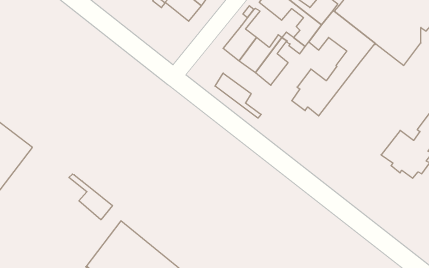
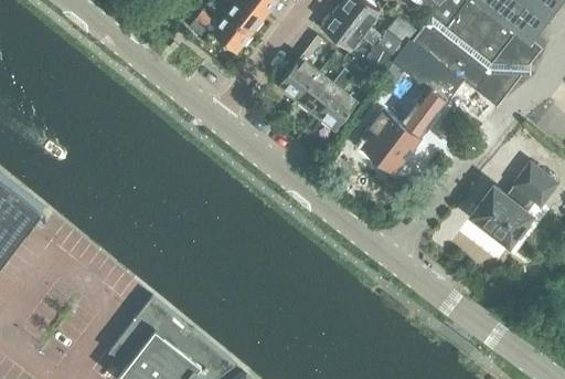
building: [215,73,261,118] -> none
building: [69,174,112,220] -> none

